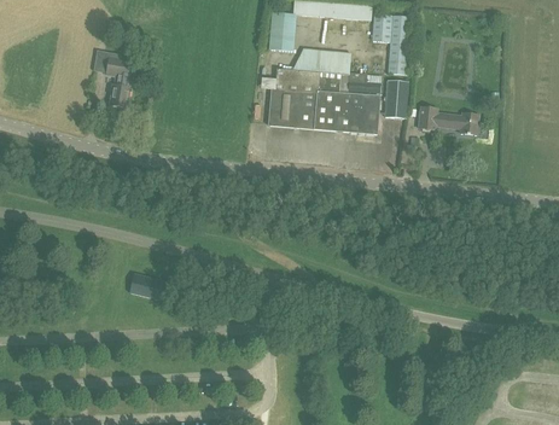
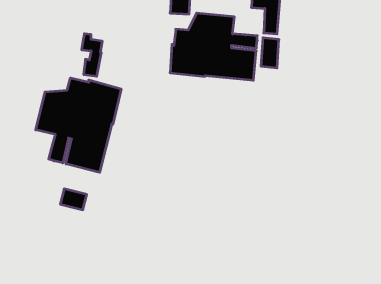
building: [105,53,132,107] -> [82,34,102,76]
building: [417,107,476,134] -> none
building: none -> [36,78,121,172]

